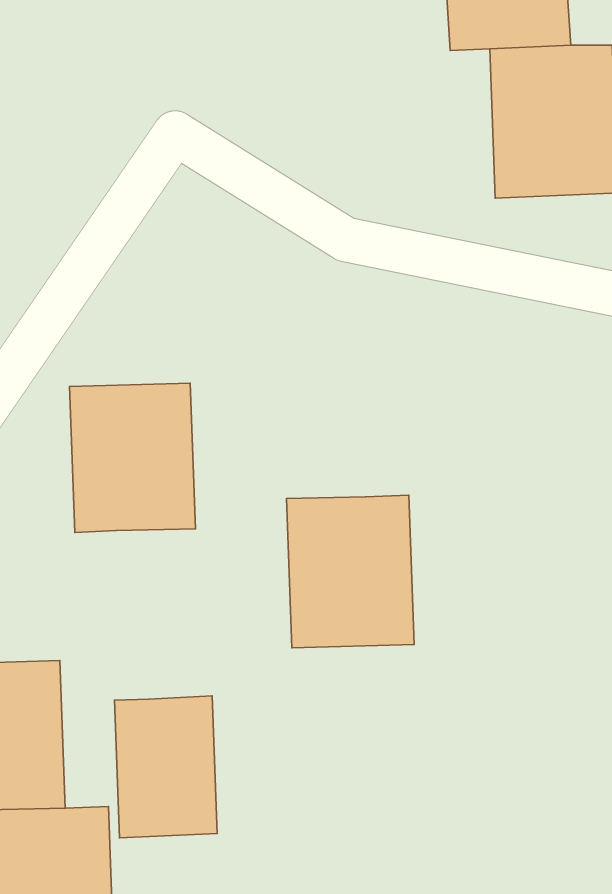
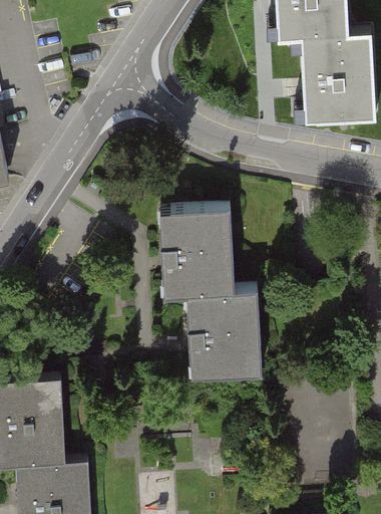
building: [70,383,195,532] -> [162,207,233,290]
building: [114,696,217,838] -> none

